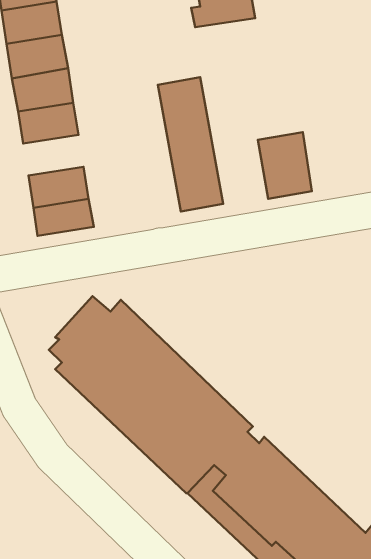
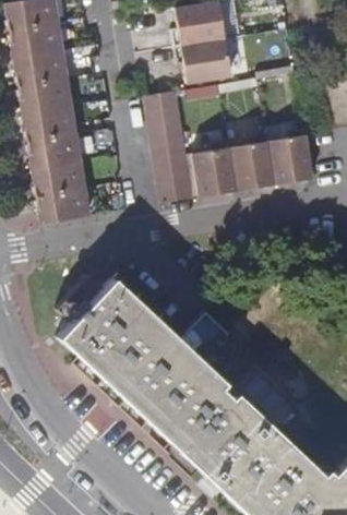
building: none -> [178,38,235,81]
building: none -> [270,129,315,185]
building: none -> [32,137,83,172]
building: none -> [194,142,240,197]

